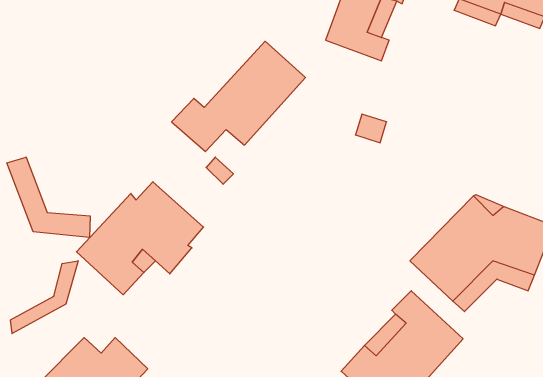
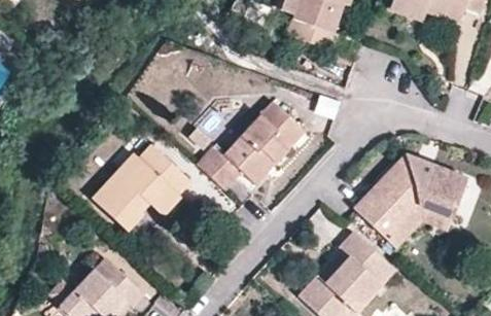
building: [172,41,305,152] -> [199,100,305,187]
building: [7,157,90,238] -> none
building: [10,261,78,334] -> none

